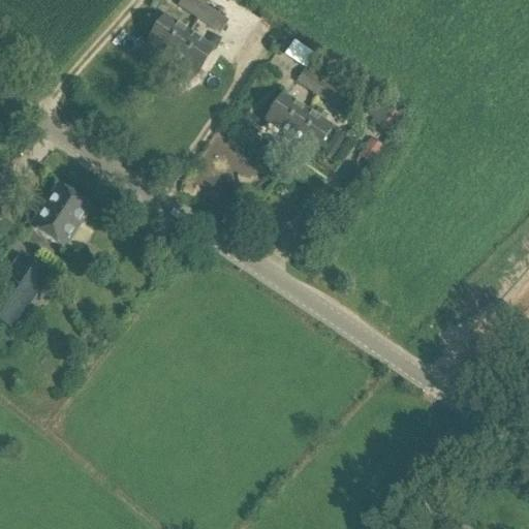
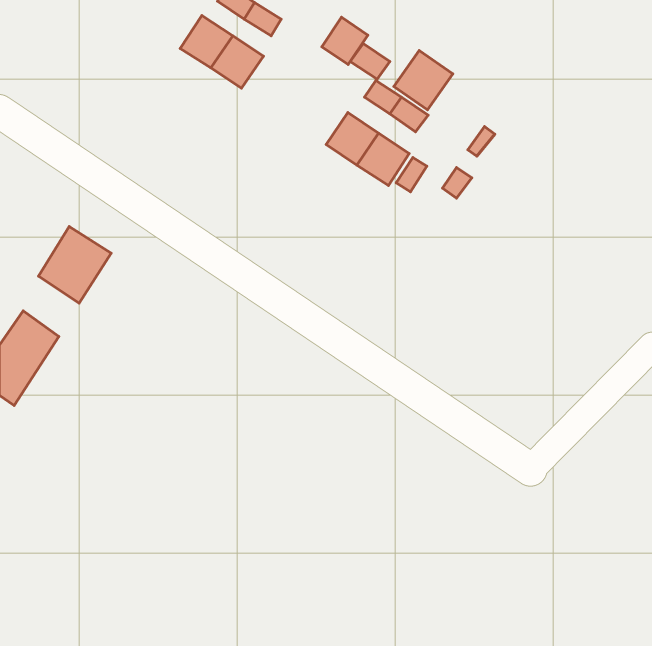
building: none -> [322,17,368,65]
building: none -> [394,51,453,110]

